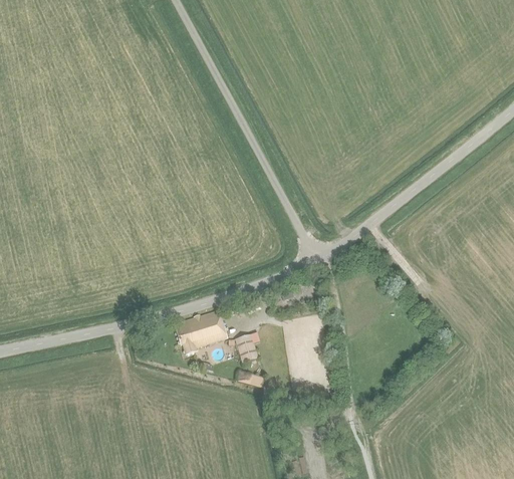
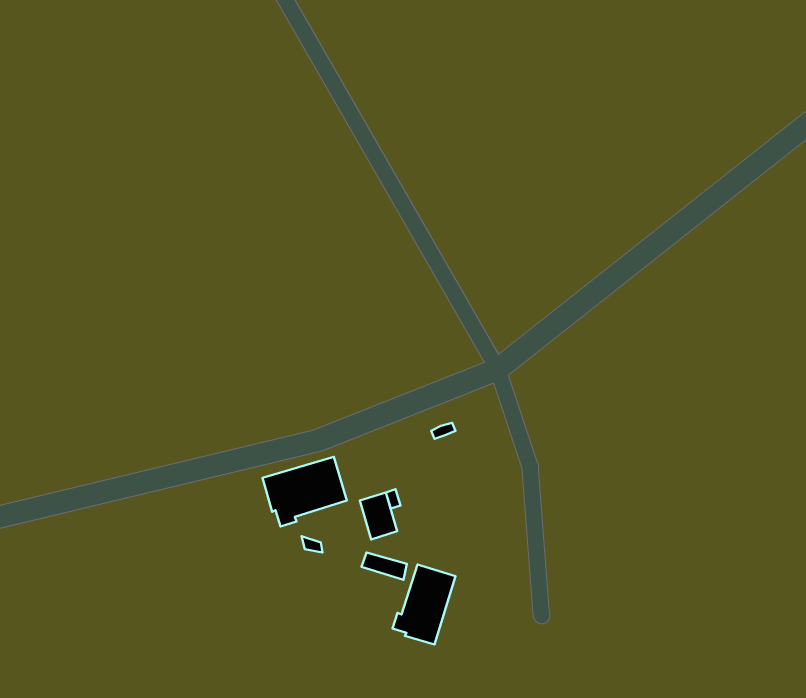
building: none -> [393,565,455,645]

